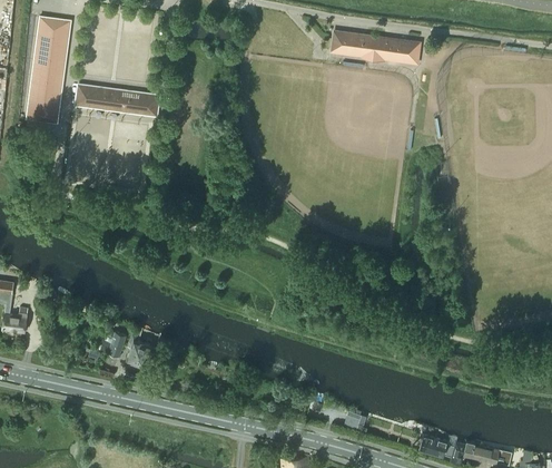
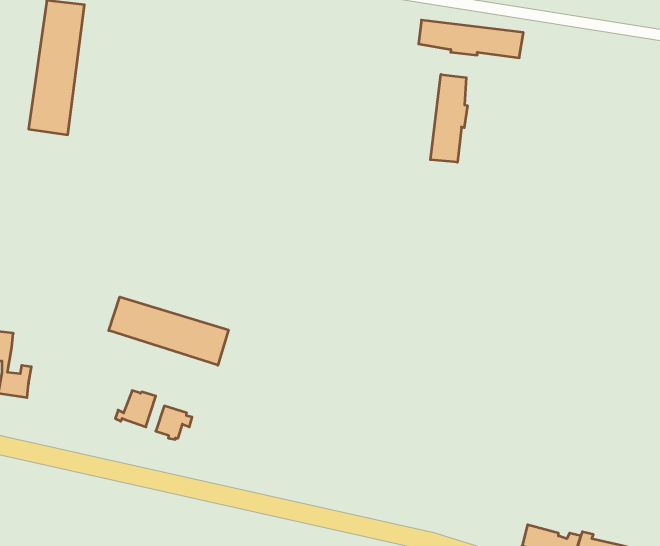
building: none -> [430,74,467,162]
building: [76,85,159,116] -> none
building: none -> [109,297,228,365]

